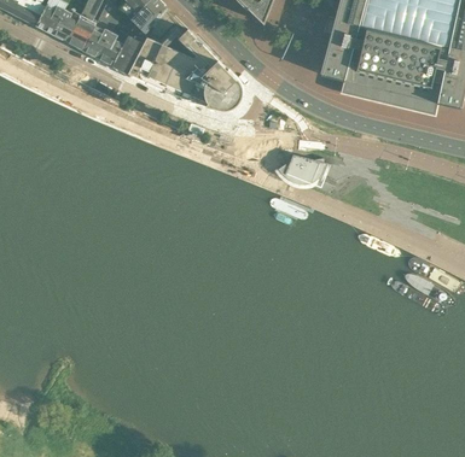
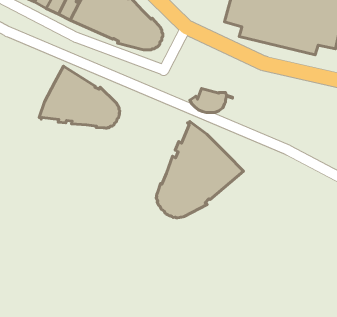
building: none -> [39,66,120,128]
building: none -> [156,121,244,218]

